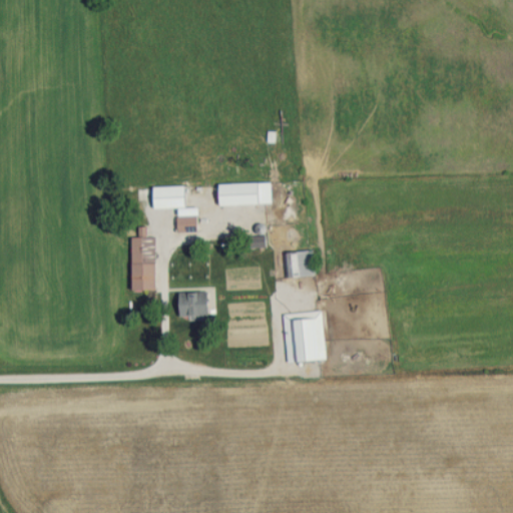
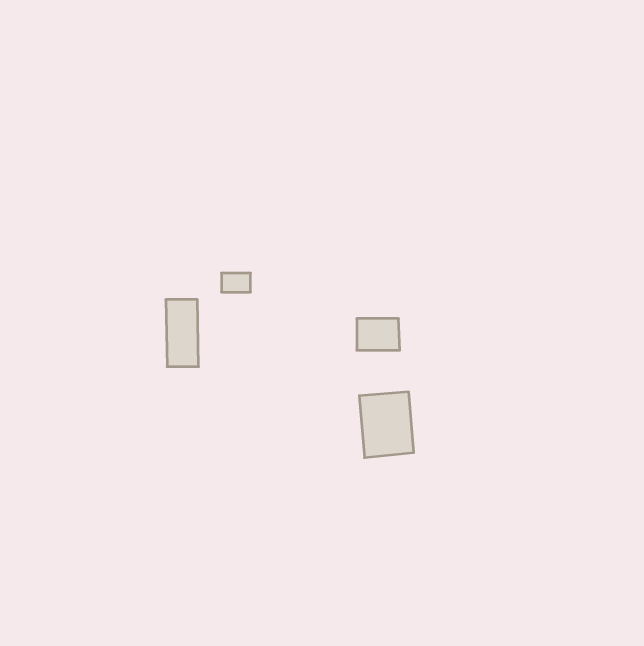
building: [211,182,261,206] -> none
building: [152,187,188,209] -> none
building: [178,293,212,317] -> none

